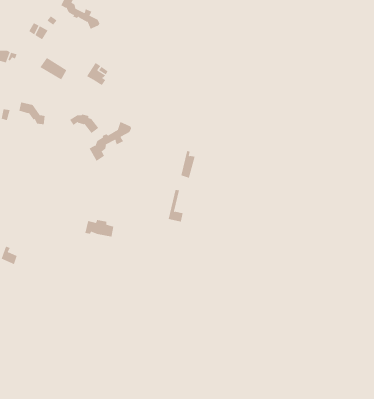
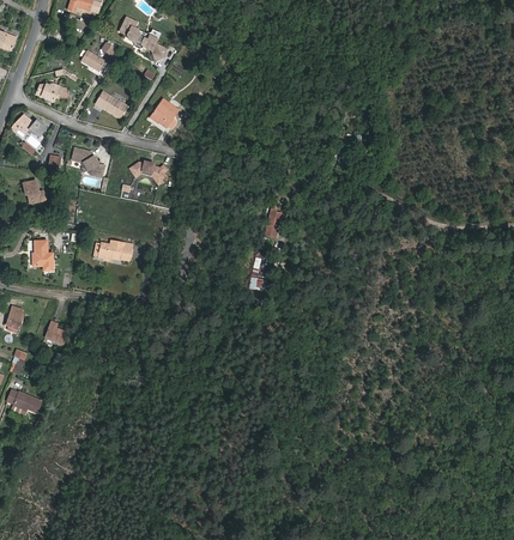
building: [89,121,132,162] -> none
building: [84,219,114,237] -> [96,241,132,262]

